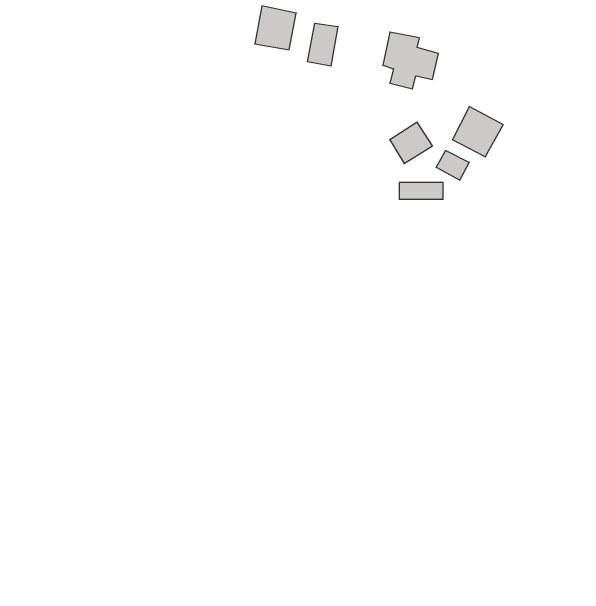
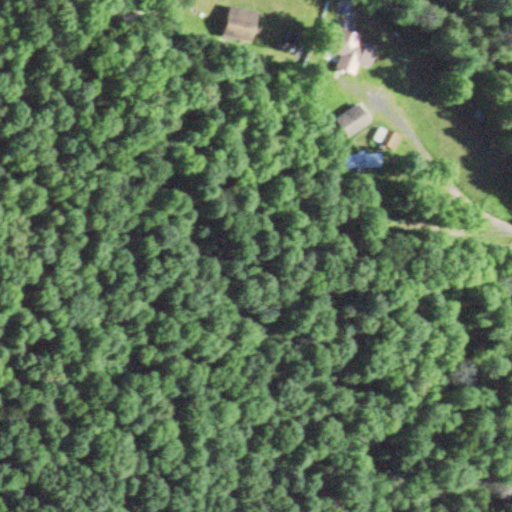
building: [308,23,338,66] -> none
building: [453,107,503,157] -> none

